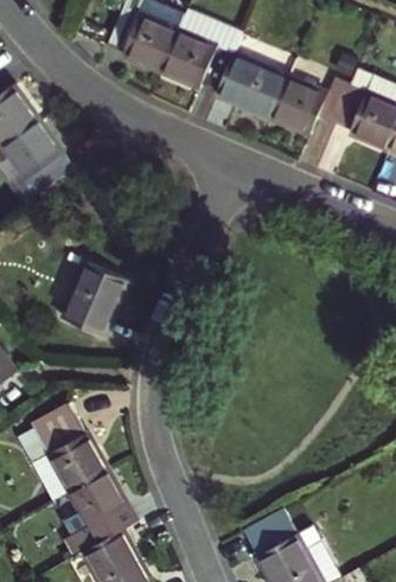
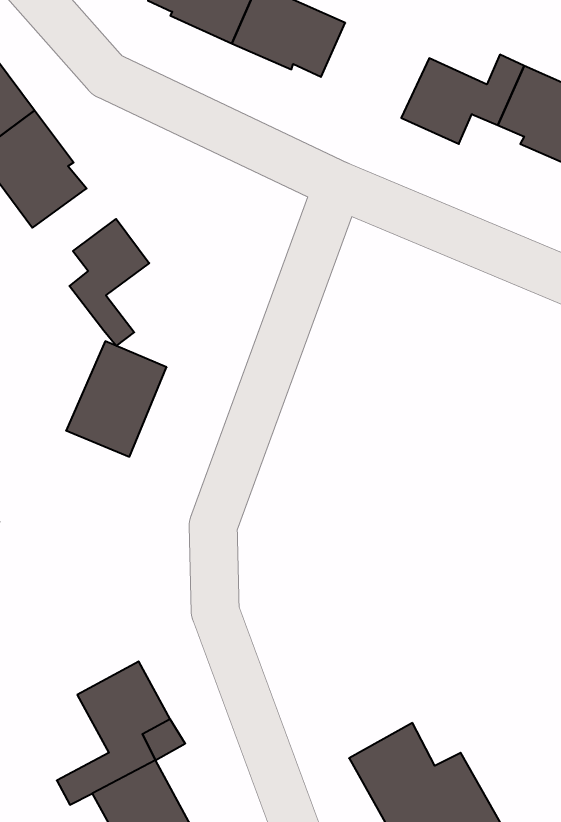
building: [221,58,289,119] -> none
building: none -> [69,219,149,346]
building: [27,397,104,492] -> none

